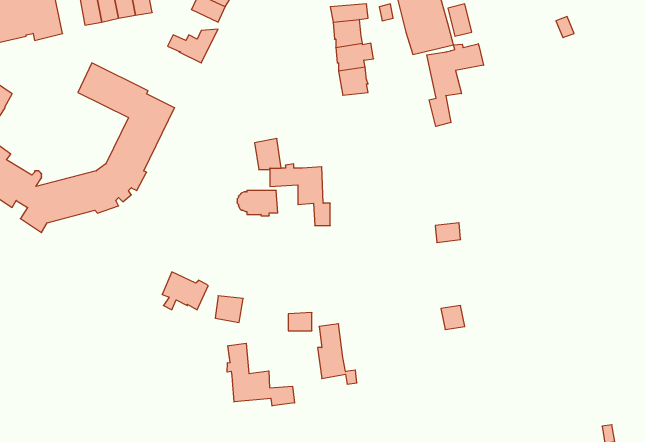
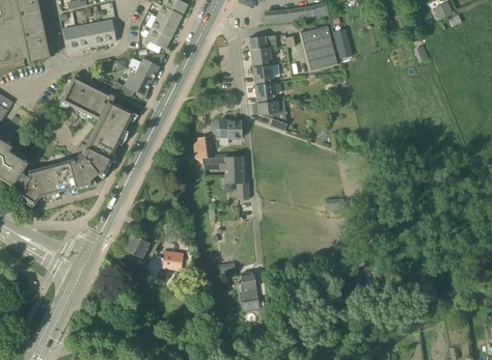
building: [427,44,484,126] -> none
building: none -> [124,71,153,95]
building: none -> [256,100,286,130]
building: [237,190,278,216] -> [211,120,241,139]
building: [227,343,295,406] -> none

